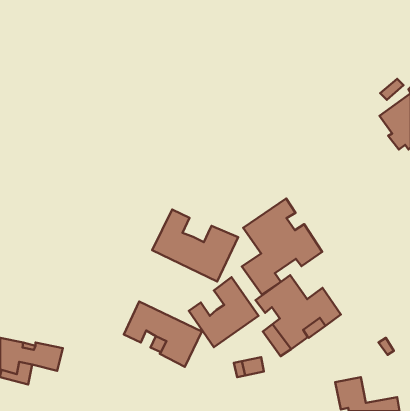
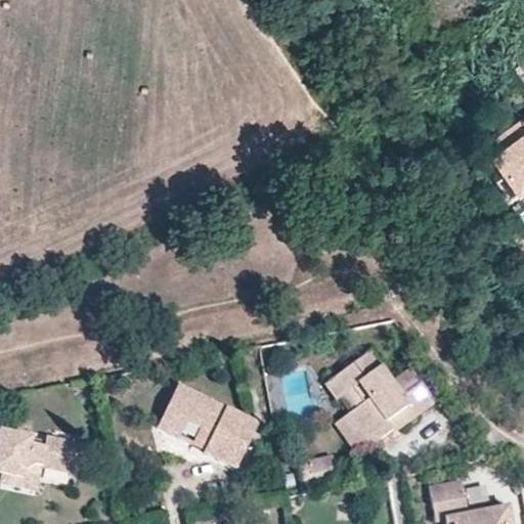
building: [242,199,322,295] -> none
building: [152,209,238,282] -> none
building: [189,277,259,347] -> none

